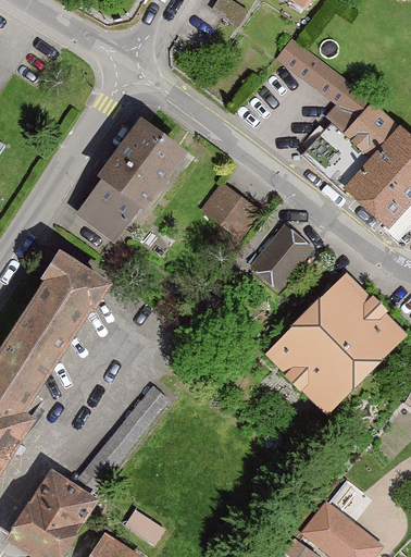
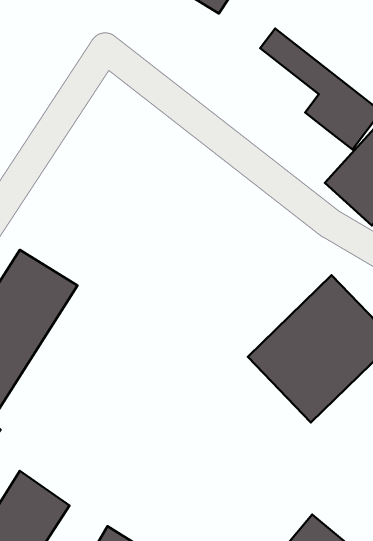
building: [74,123,183,239] -> none
building: [202,182,263,239] -> none
building: [251,225,313,292] -> none

